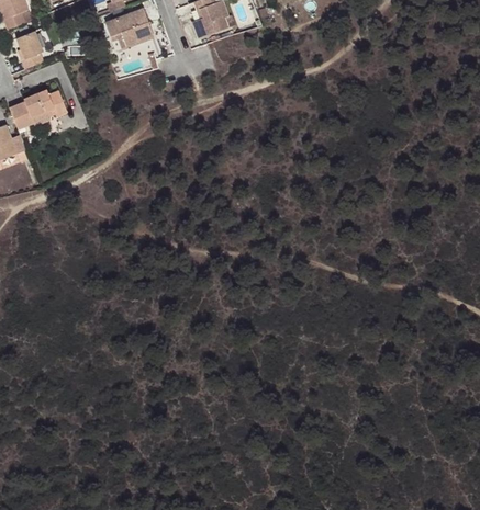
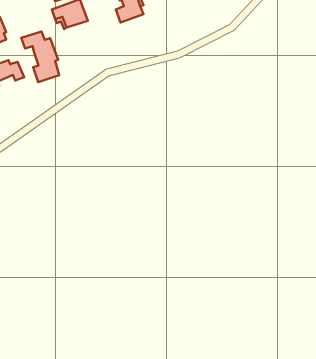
building: none -> [21,31,59,82]

